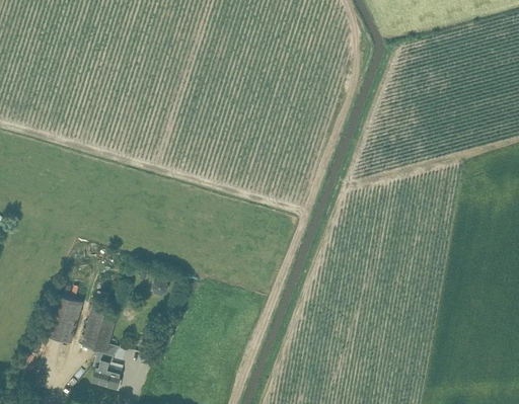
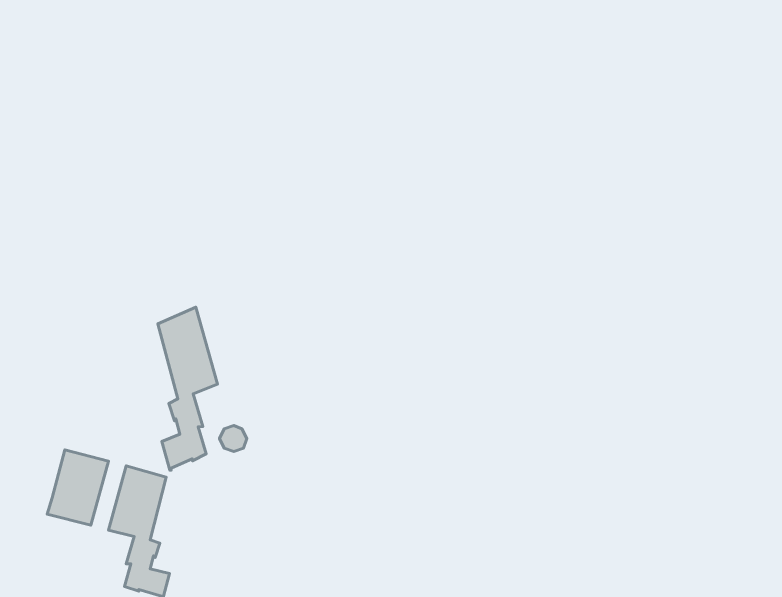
building: none -> [158,307,217,470]

